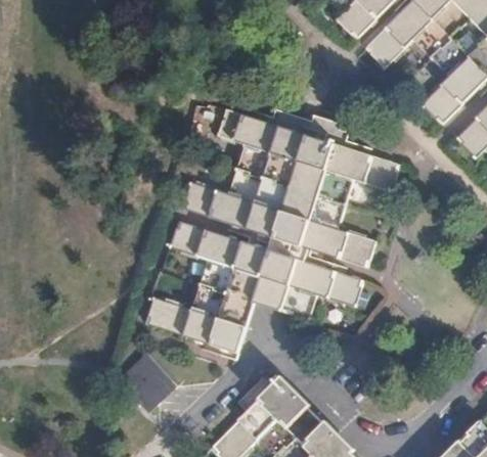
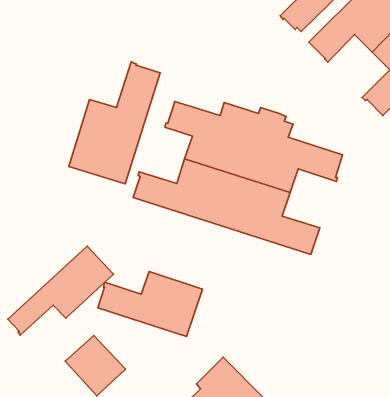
building: none -> [69,62,160,184]
building: [170,221,363,320] -> none
building: none -> [8,246,114,335]

